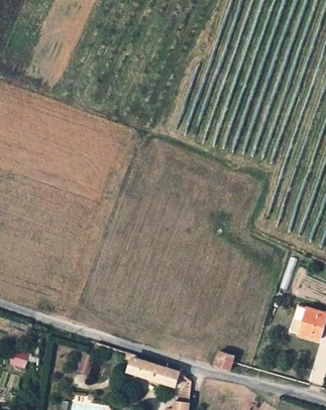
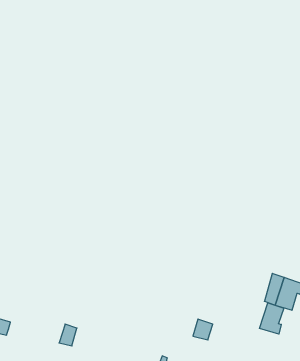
building: none -> [260,303,284,334]
building: [126,355,176,386] -> none

